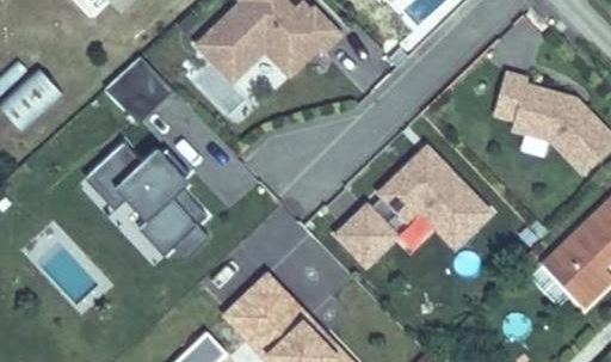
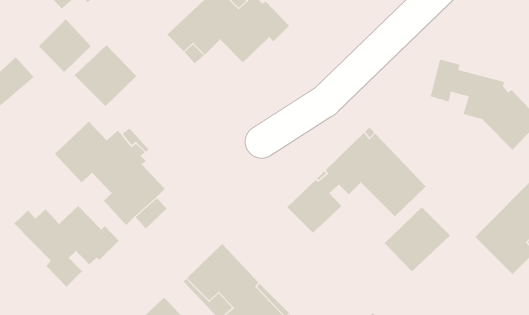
building: none -> [38,19,92,73]
building: none -> [13,205,119,288]
building: none -> [384,207,451,272]

